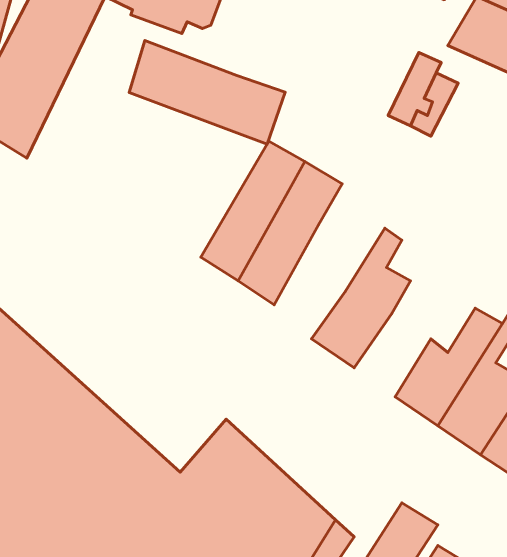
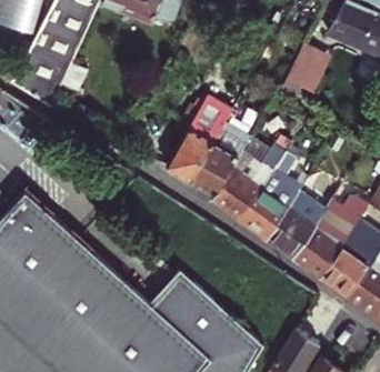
building: [129,40,285,144] -> none
building: none -> [209,147,283,223]
building: none -> [263,207,313,261]

